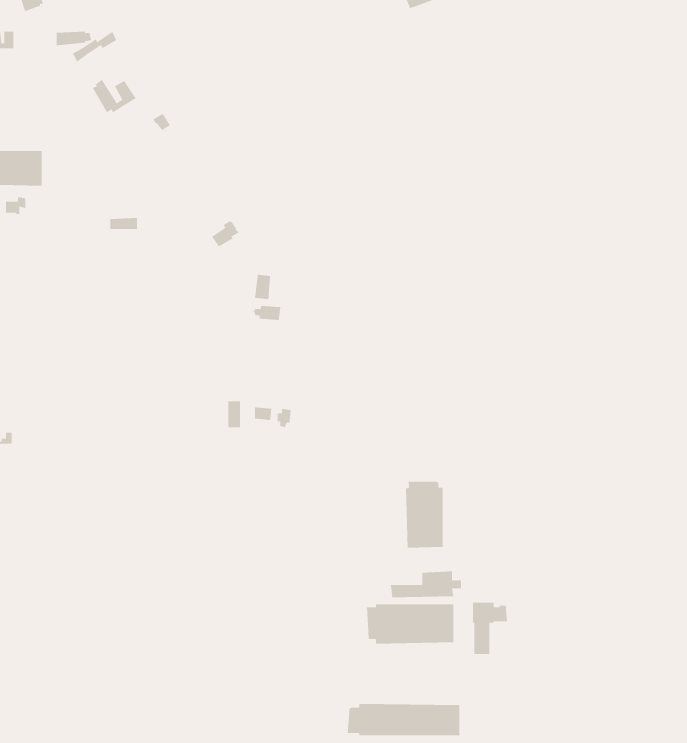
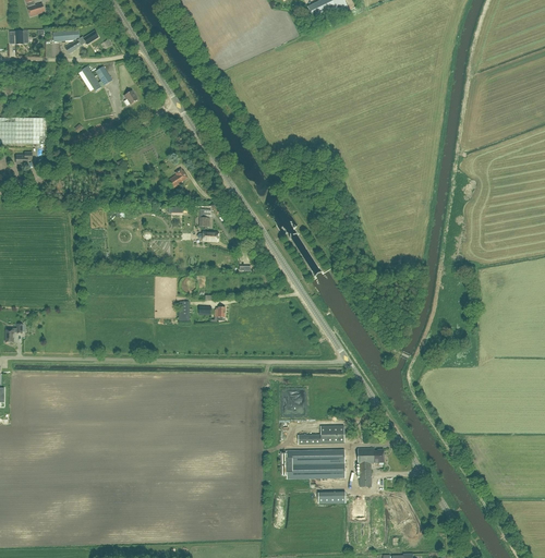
building: [406,481,443,548] -> none
building: [347,703,460,736] -> none

